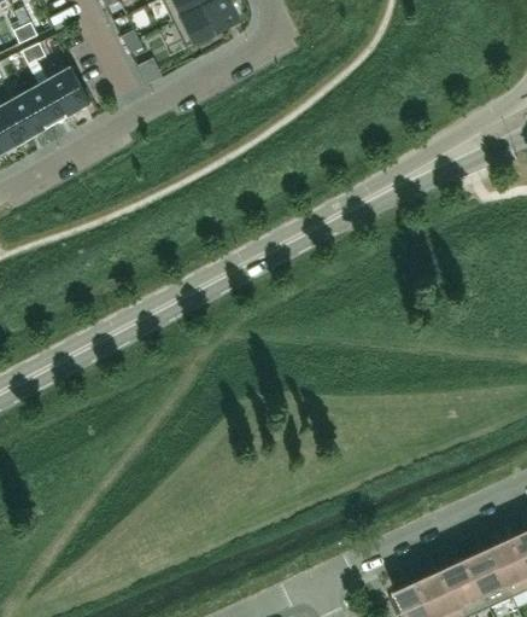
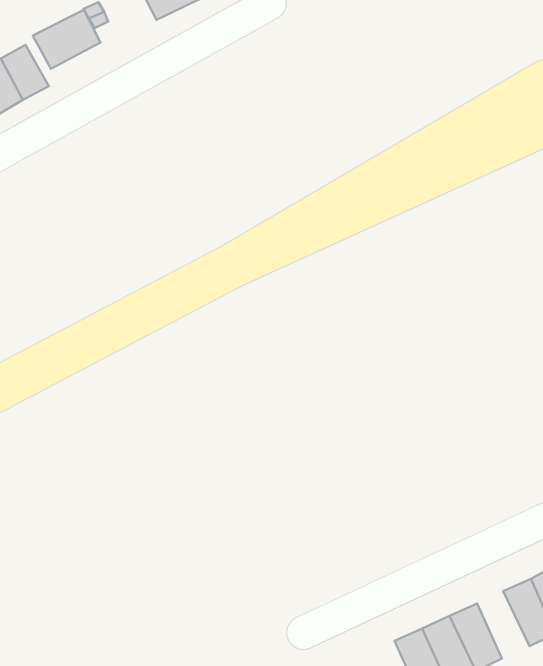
building: none -> [33,10,101,69]
building: [465,546,511,605] -> none

